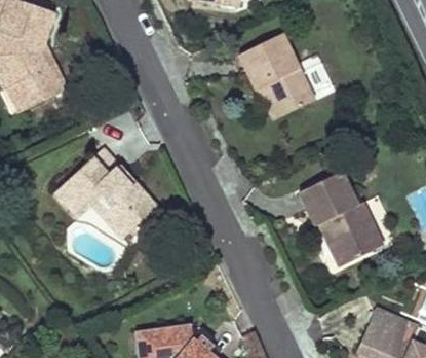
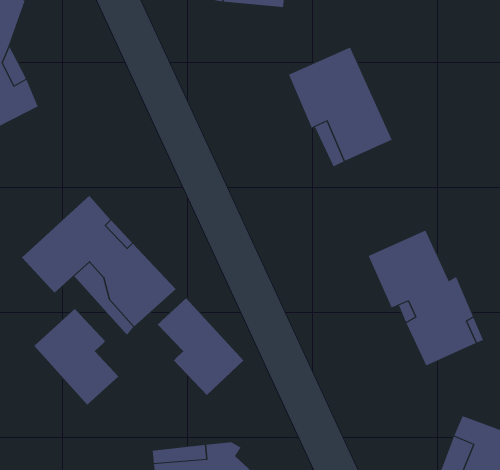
building: none -> [157,297,244,396]
building: none -> [34,308,119,405]

